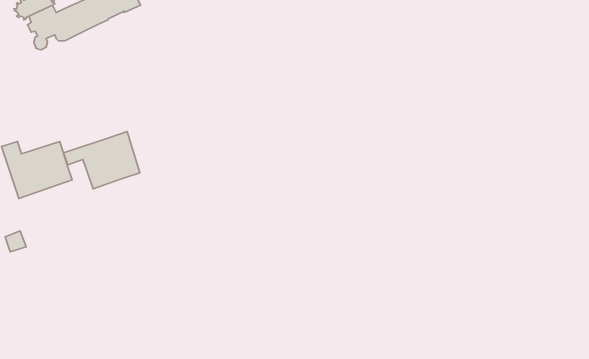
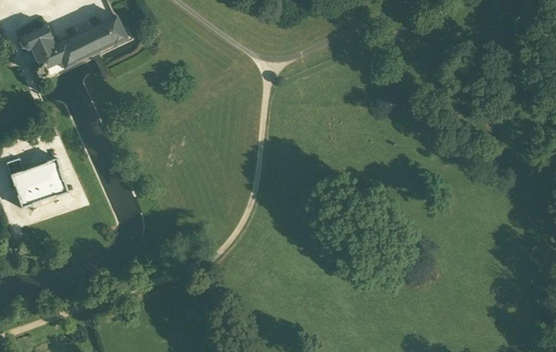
building: [63,132,140,189] -> none

